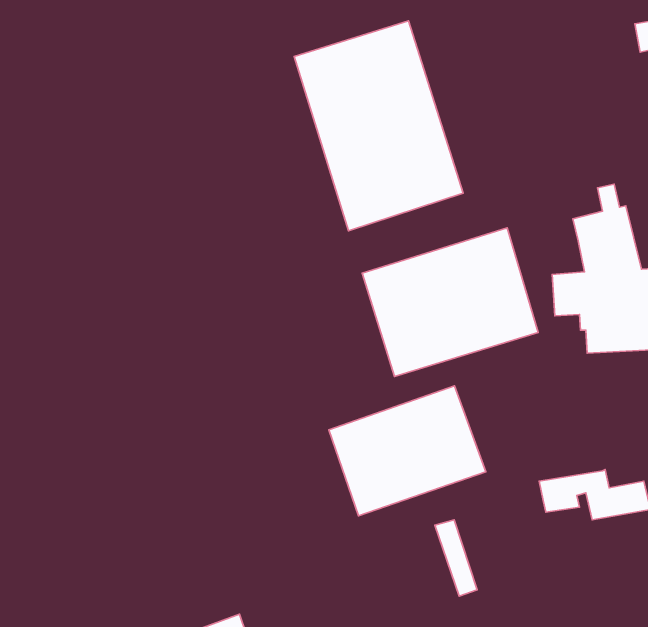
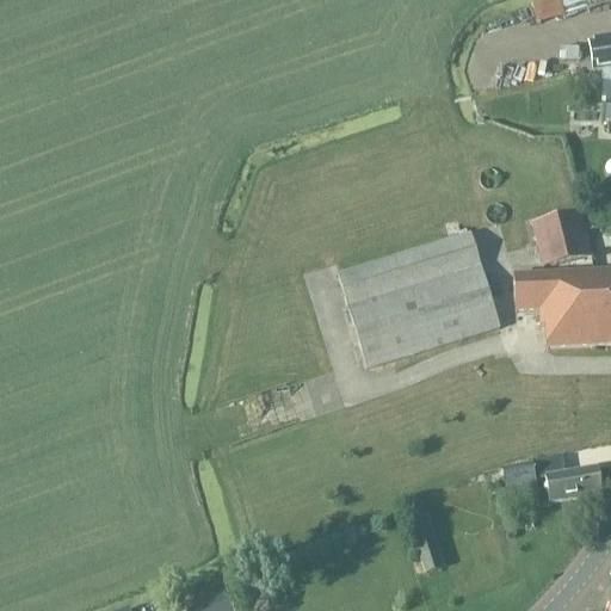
building: [294,21,463,231] -> none
building: [329,386,486,516] -> none

